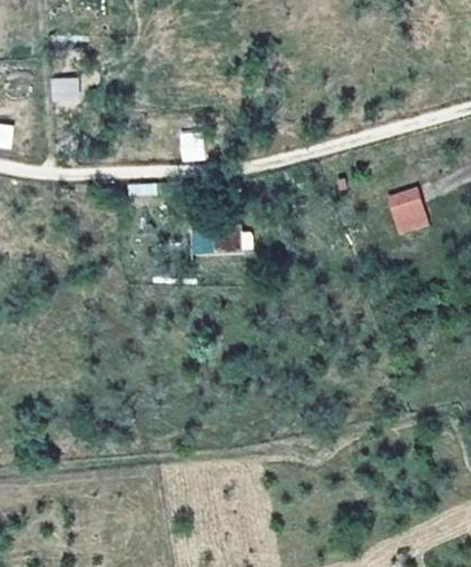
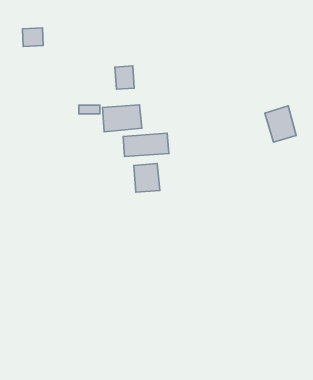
building: none -> [103,105,142,132]
building: none -> [134,164,160,192]

